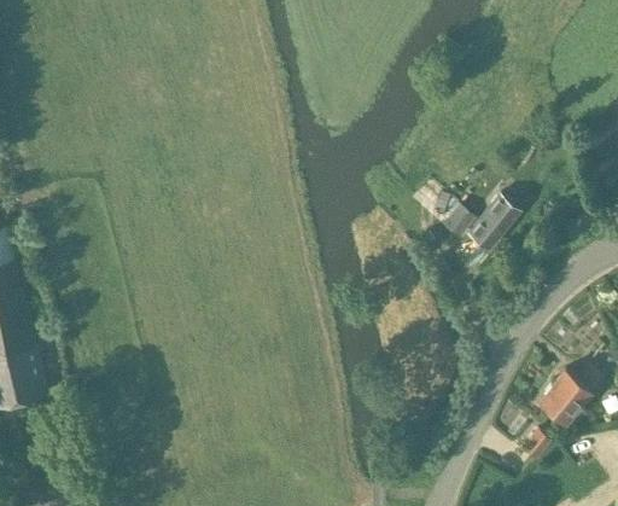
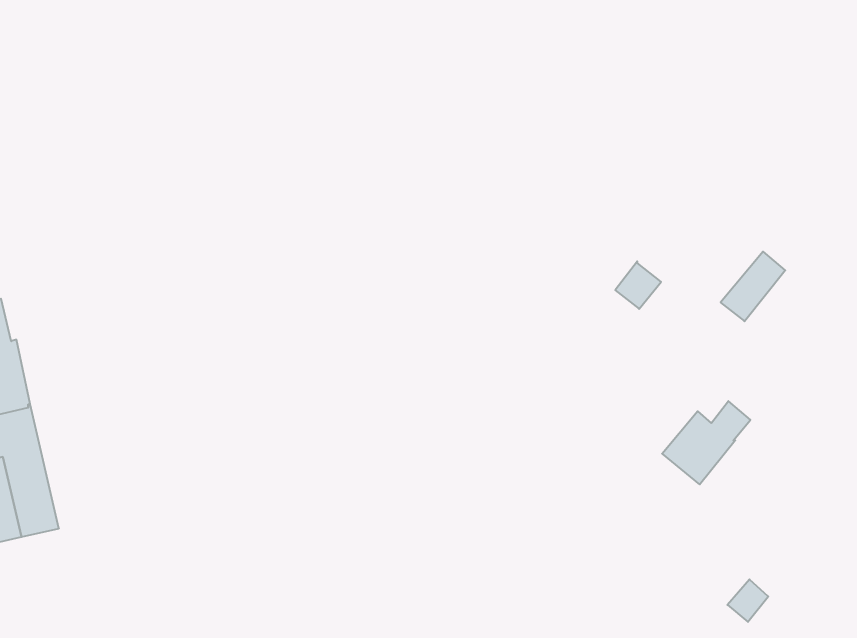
building: [467,202,513,251] -> [721,252,785,321]
building: [536,368,599,428] -> [662,401,750,484]

